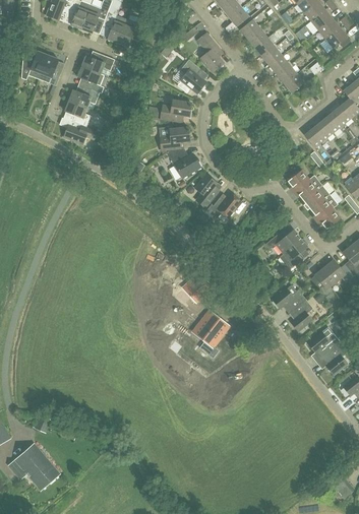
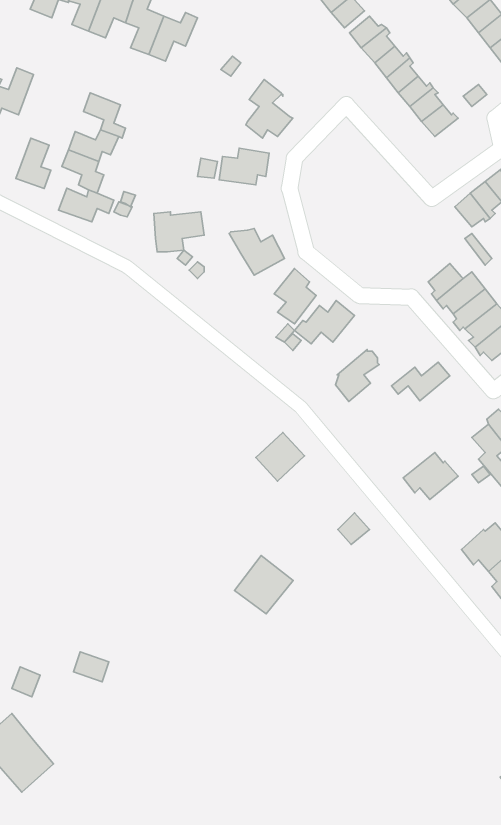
building: [196,33,222,71] -> none
building: [81,54,114,73] -> none
building: [38,55,59,85] -> [16,138,51,189]
building: [159,126,189,150] -> [154,212,204,252]
building: [281,238,307,269] -> [336,350,379,401]
building: [288,299,312,331] -> none
building: [192,311,228,346] -> [235,555,293,614]

